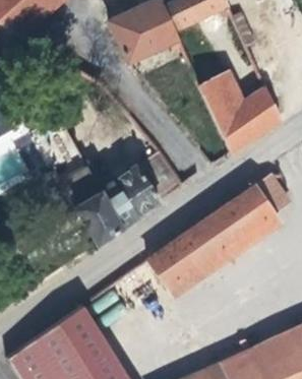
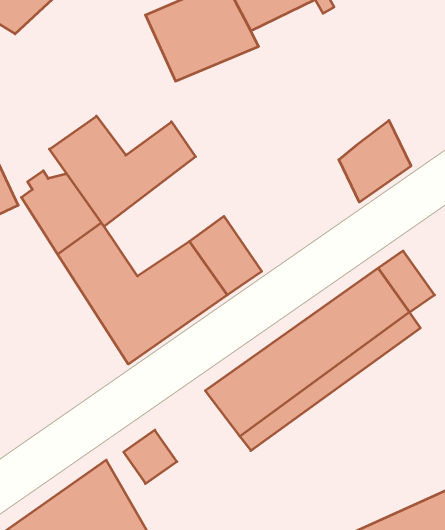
building: [201,71,246,149] -> none
building: none -> [49,116,196,226]

